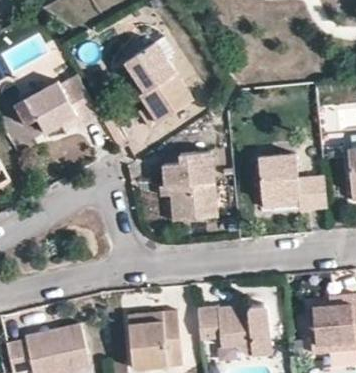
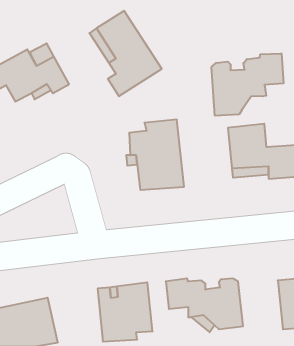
building: none -> [212,53,283,116]

